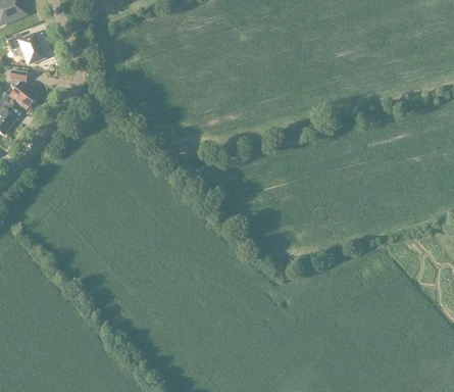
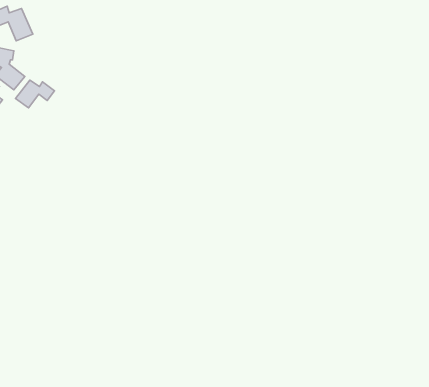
building: none -> [16,80,55,108]

